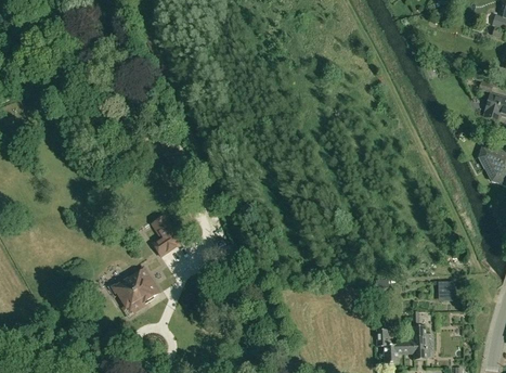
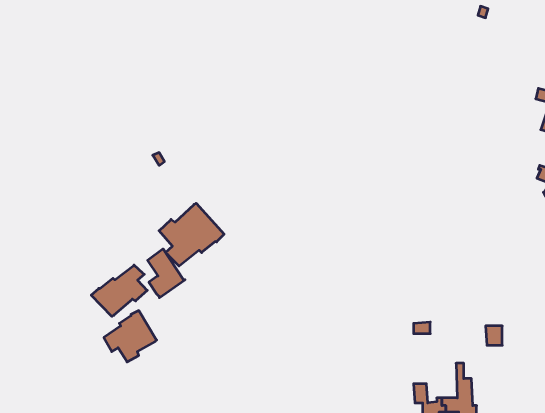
building: none -> [159,203,224,266]
building: none -> [91,265,147,316]

